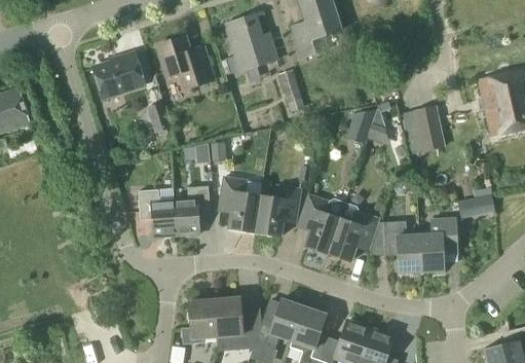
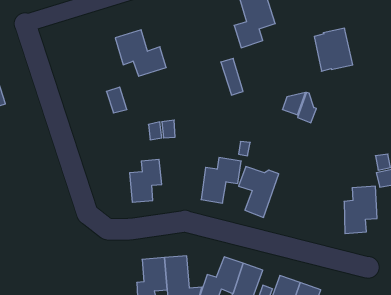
building: [225,15,277,70] -> none
building: [93,53,144,98] -> none
building: [401,105,445,154] -> [314,28,353,71]
building: [218,176,260,232] -> none
building: [137,189,176,237] -> none
building: [327,203,379,261] -> none
building: [383,221,420,274] -> none

